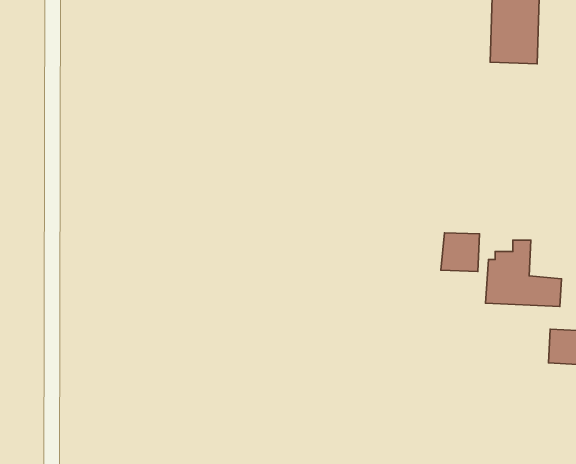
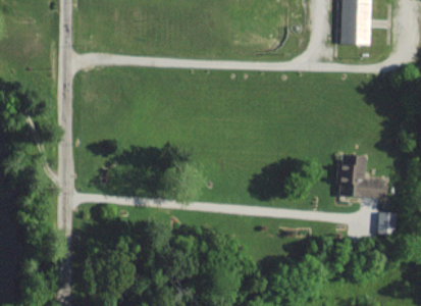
building: [441,233,479,272] -> none

